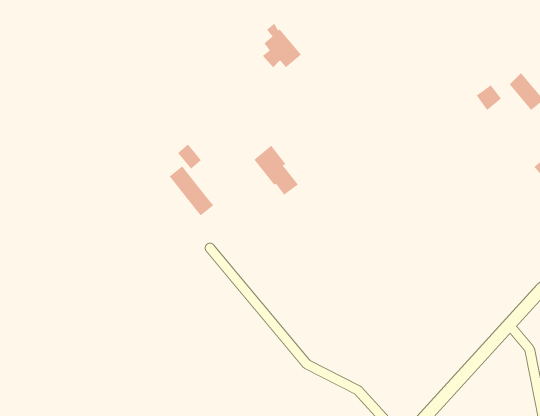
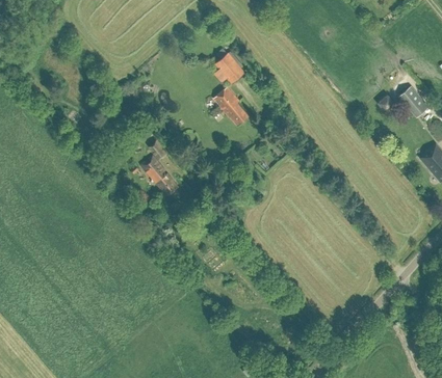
building: [254,145,299,196] -> [213,87,248,126]

